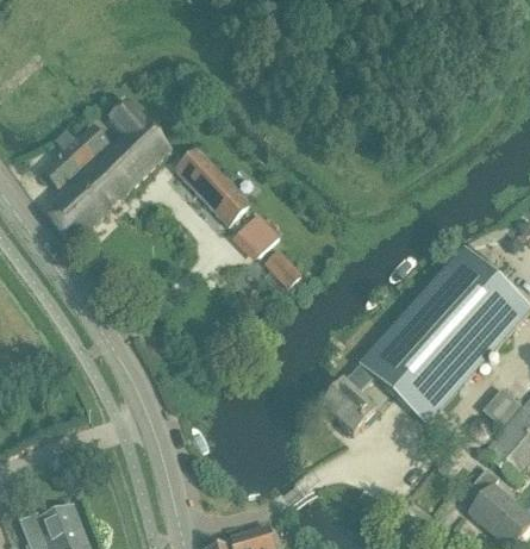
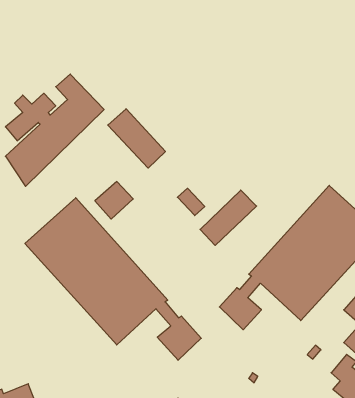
building: [230,214,280,263] -> [95,182,133,219]
building: none -> [200,190,257,245]
building: none -> [25,198,201,360]

